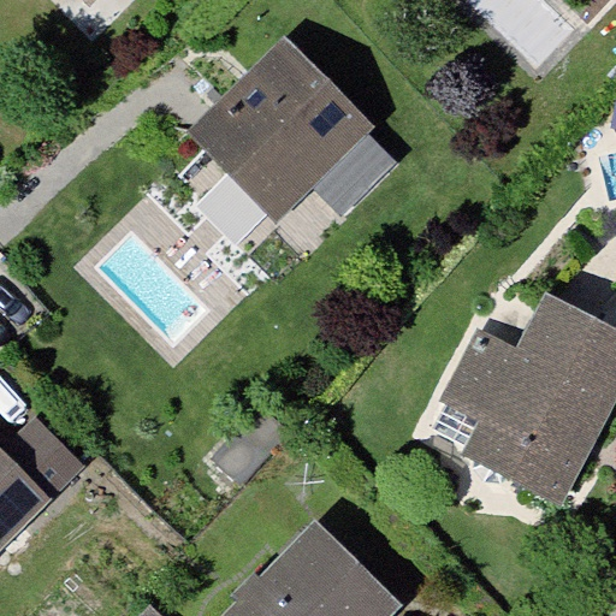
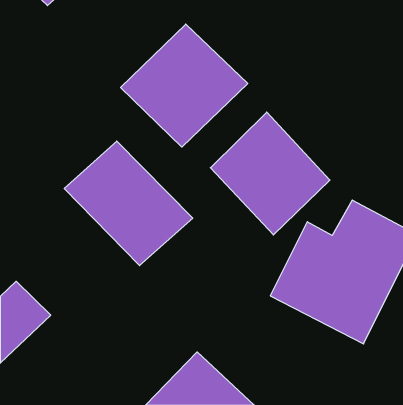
building: none -> [210,112,330,235]
building: none -> [64,141,193,266]

